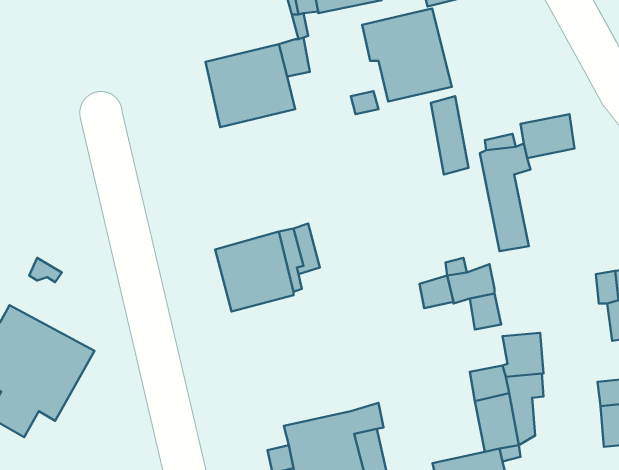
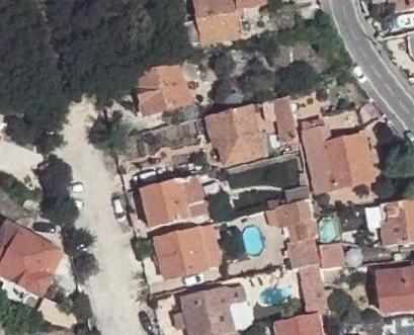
building: [362,9,452,102] -> [208,104,263,162]
building: none -> [325,134,372,187]
building: none -> [155,228,205,278]
building: none -> [286,236,321,267]

